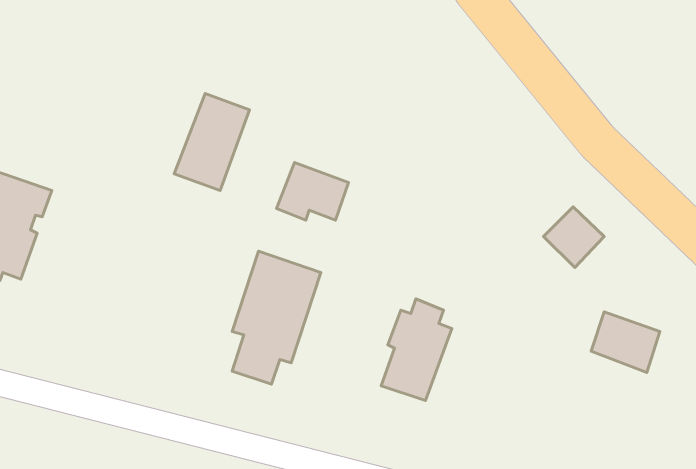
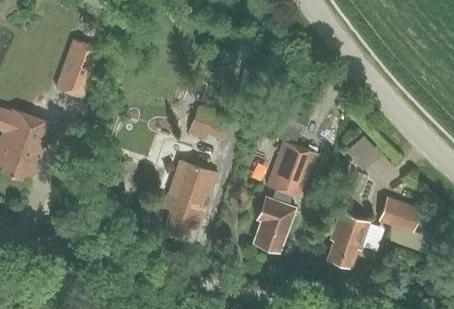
building: [174,94,250,190] -> [55,39,101,98]
building: none -> [267,110,319,198]
building: none -> [329,210,370,264]

